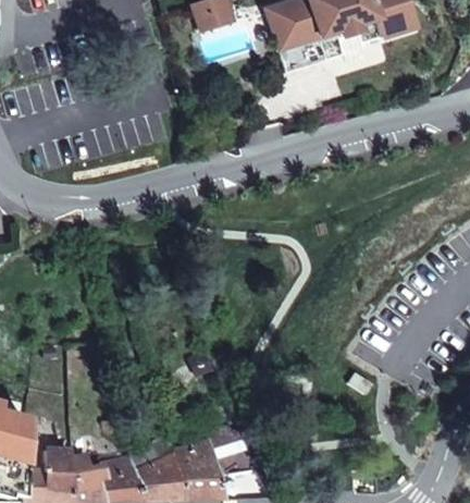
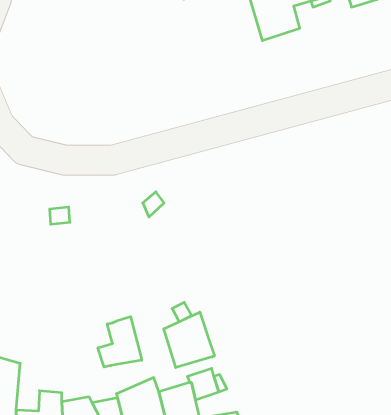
building: none -> [164,312,214,368]
building: none -> [98,317,142,367]

